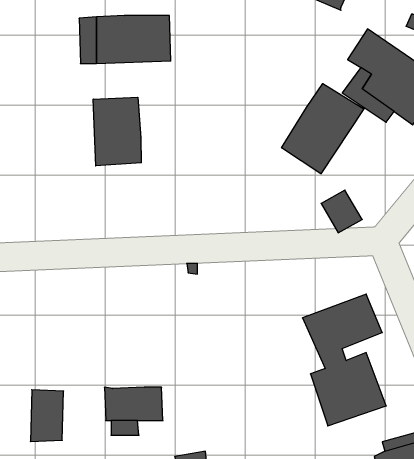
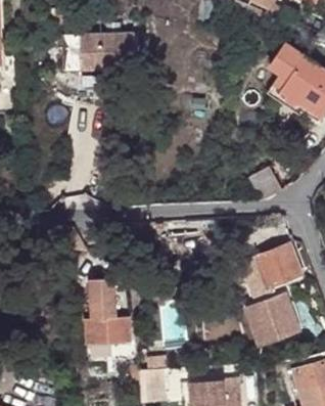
building: [282,84,364,174] -> none
building: [93,97,141,166] -> none
building: [30,390,64,442] -> [91,278,117,318]

